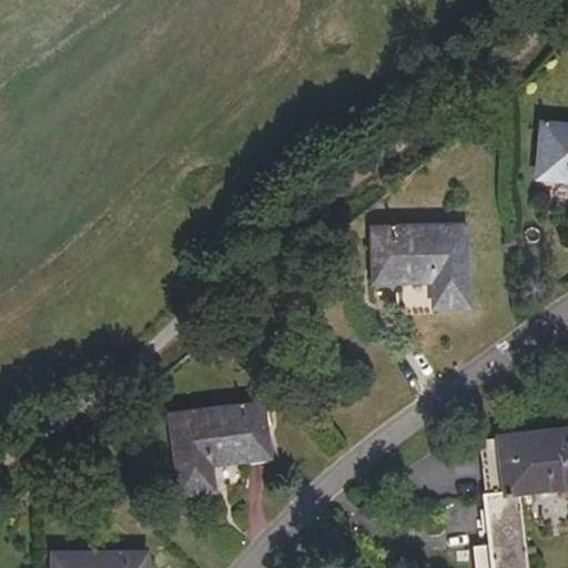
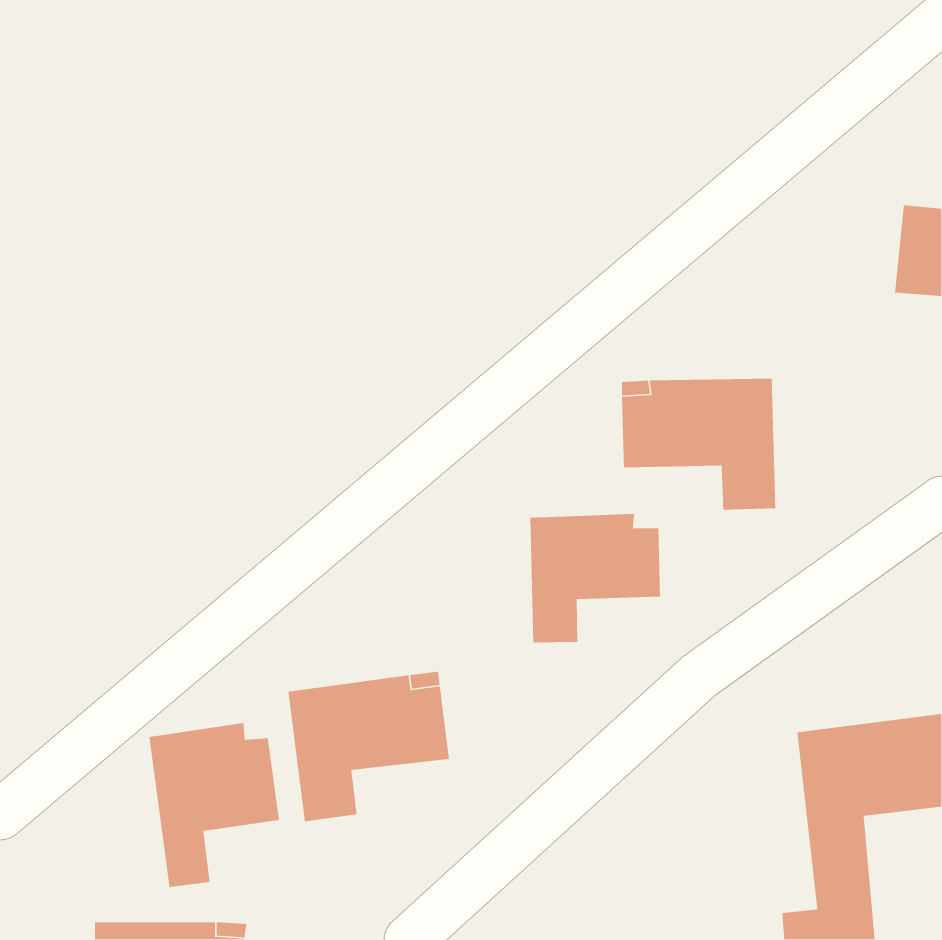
building: none -> [530,513,661,643]
building: none -> [149,722,280,888]

